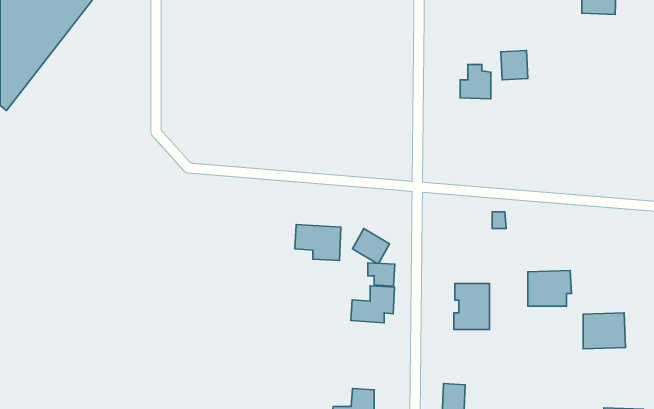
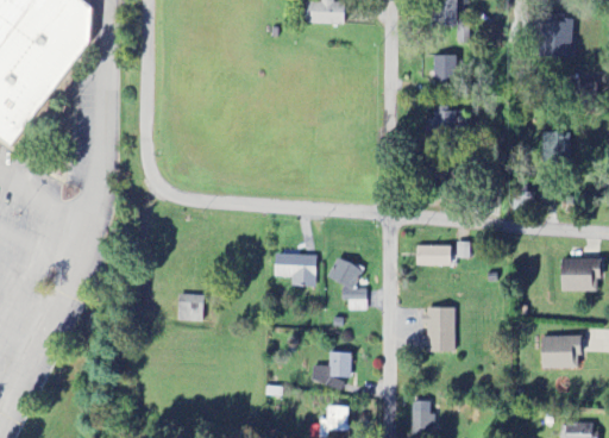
building: [501,50,528,80] -> [432,54,457,81]
building: none -> [541,131,570,163]
building: none -> [415,245,450,265]
building: none -> [177,294,203,320]
building: [528,270,572,306] -> [560,257,601,290]
building: [351,286,395,323] -> [310,351,351,386]

